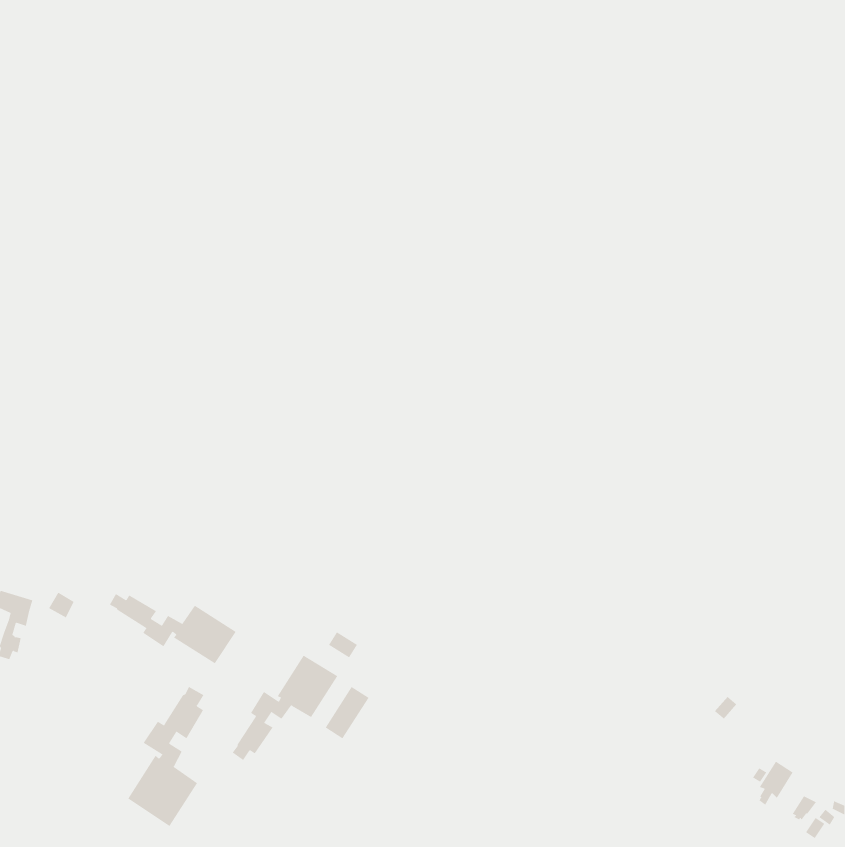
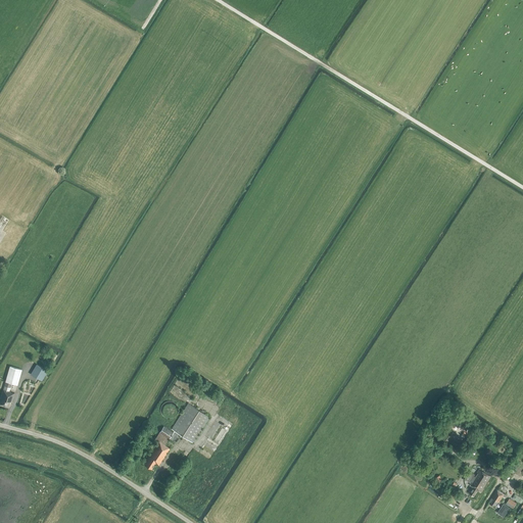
building: [109,593,236,664] -> none
building: [127,686,204,827] -> none

